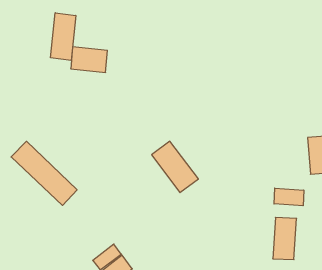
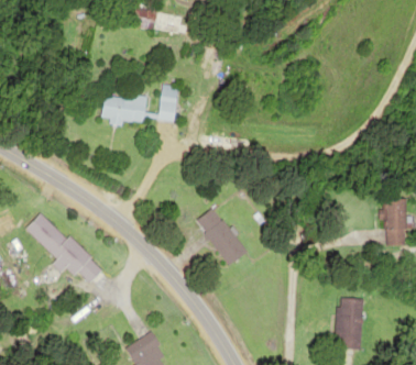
building: [51,13,76,60] -> none
building: none -> [155,88,176,122]
building: [274,188,304,206] -> none

